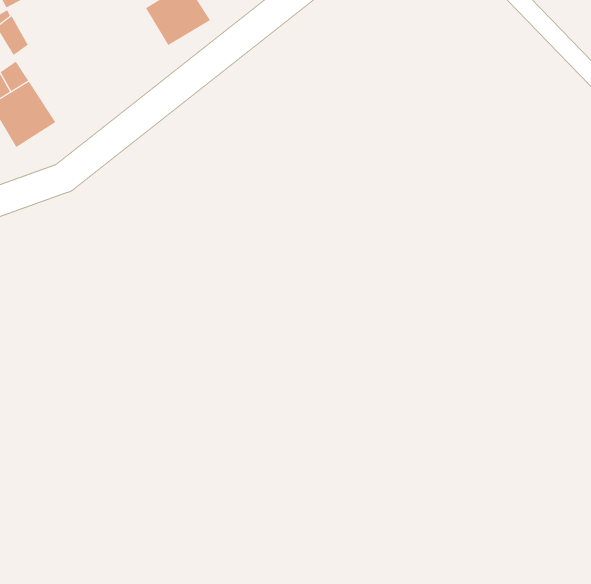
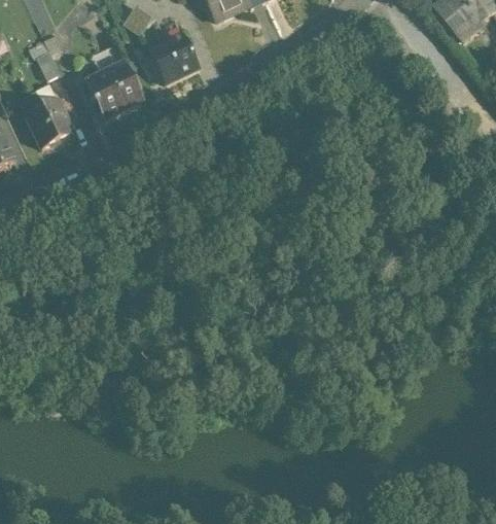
building: none -> [86,65,142,116]

